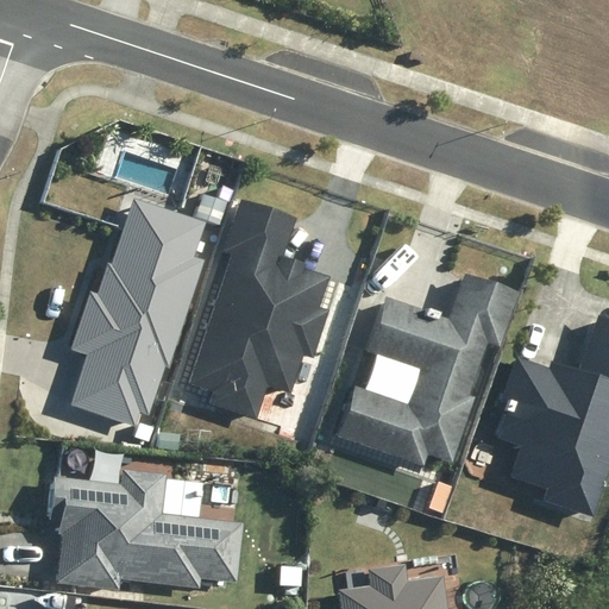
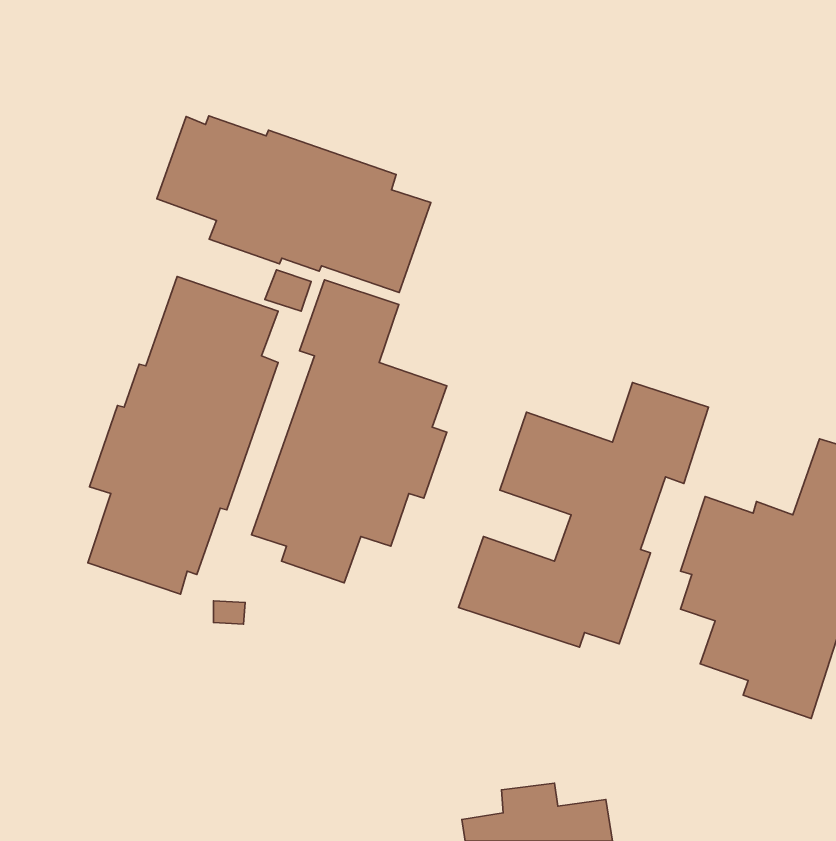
building: none -> [157,116,431,292]
building: [50,469,244,590] -> none

